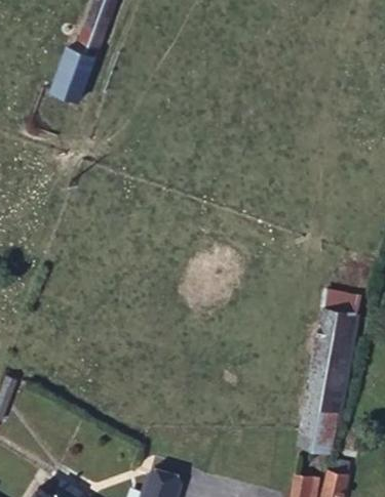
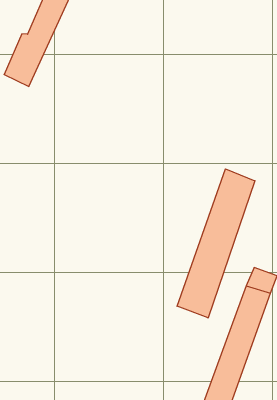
building: none -> [177,169,255,318]

